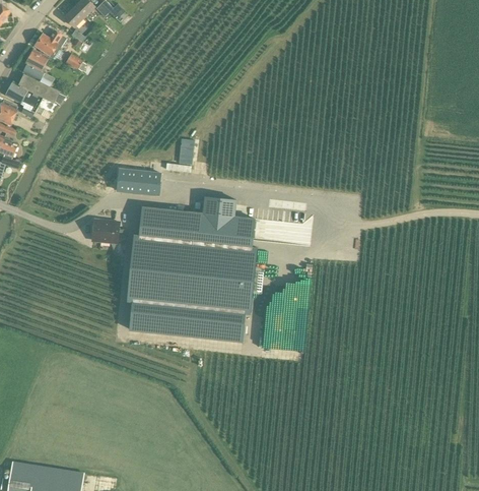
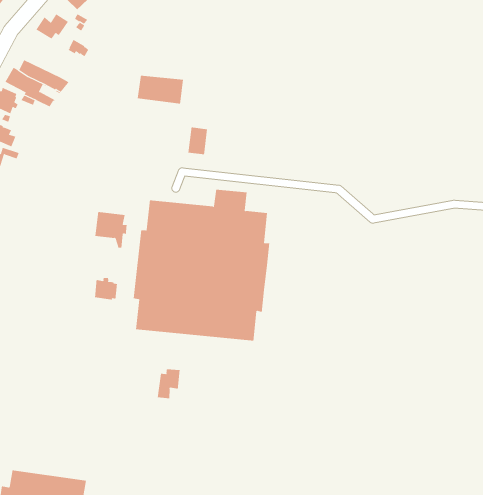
building: [22,49,53,85] -> none
building: [117,167,161,194] -> [137,75,184,104]
building: none -> [94,277,117,300]
building: none -> [157,369,180,399]

